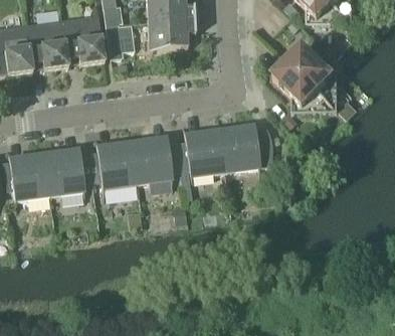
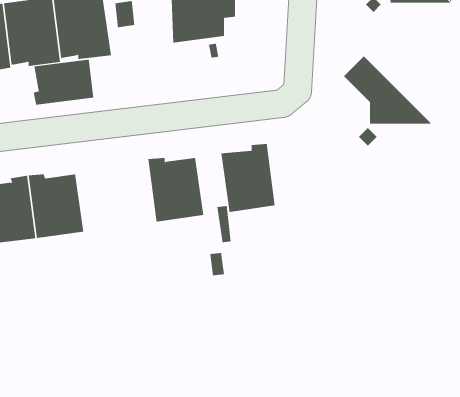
building: [288,47,338,111] -> none
building: none -> [33,59,94,106]
building: [218,124,272,171] -> none
building: [96,137,137,187] -> none

